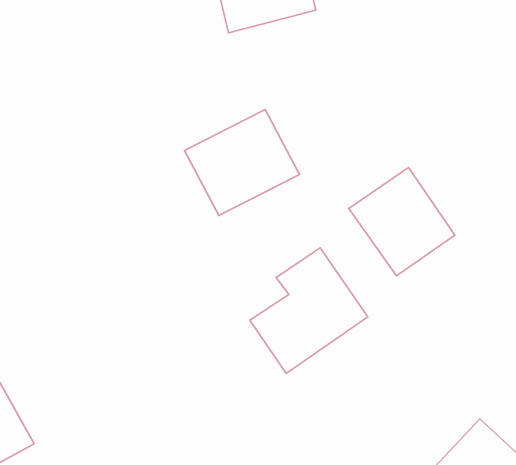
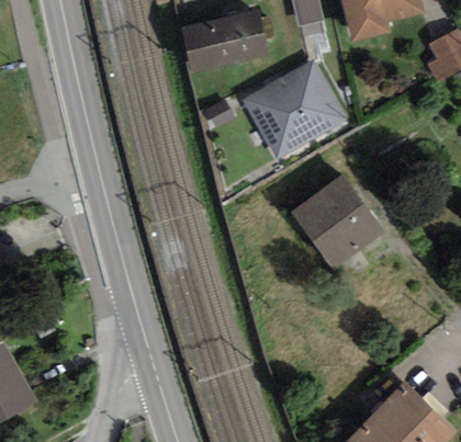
building: [184,110,299,215] -> [248,64,344,151]
building: [250,248,368,373] -> none

